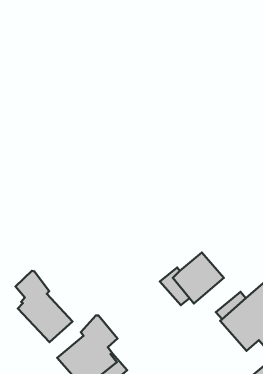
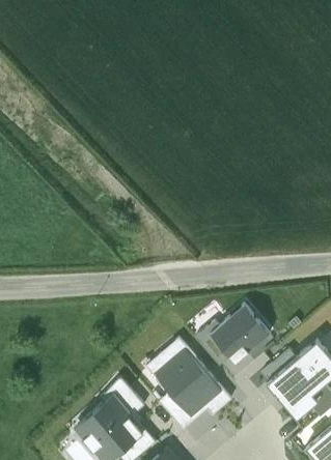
building: [16,271,73,342] -> none
building: none -> [146,338,232,429]

